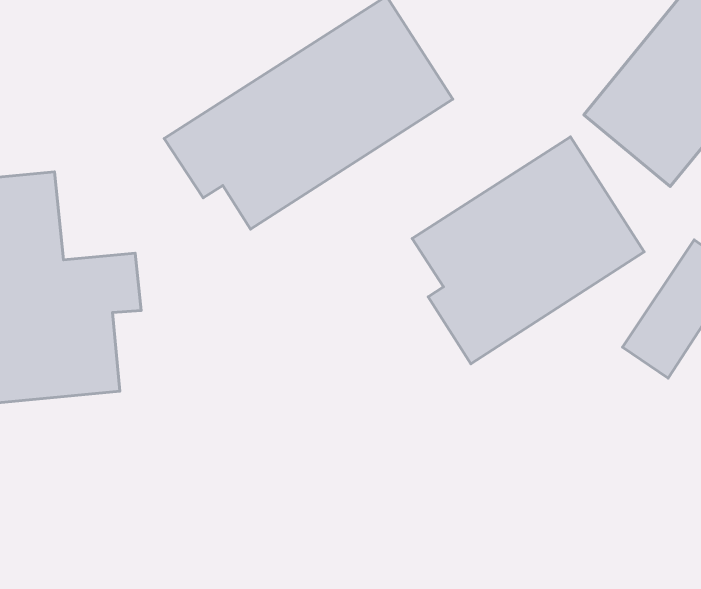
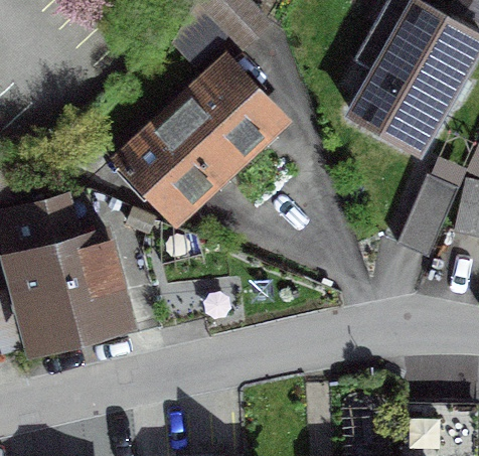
building: [412,137,644,364] -> none

